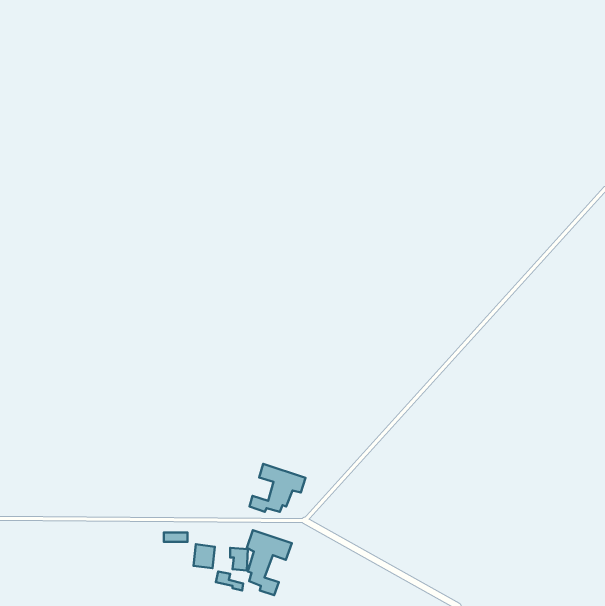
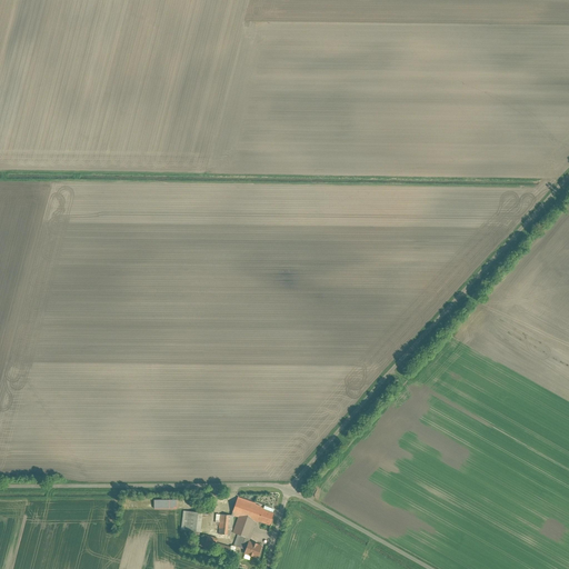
building: [249,464,306,512] -> none

